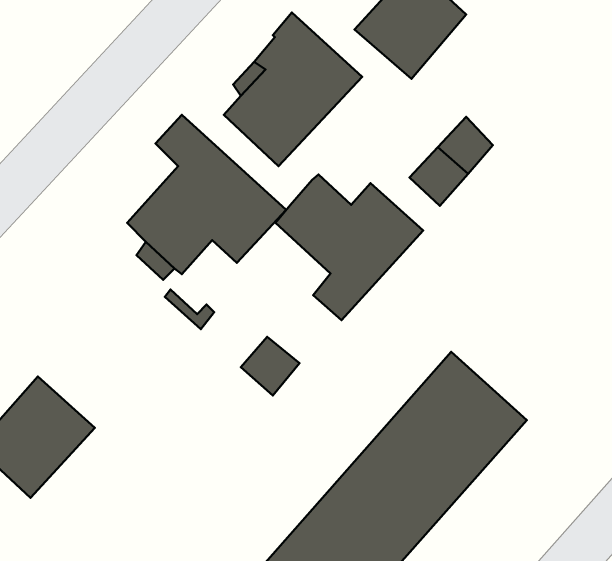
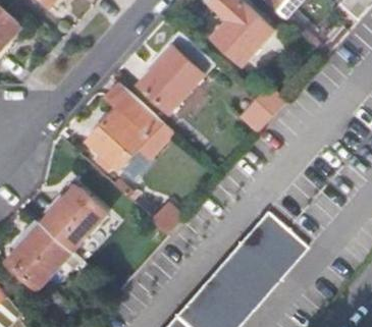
building: [275,174,423,320] -> none
building: none -> [40,187,104,253]

